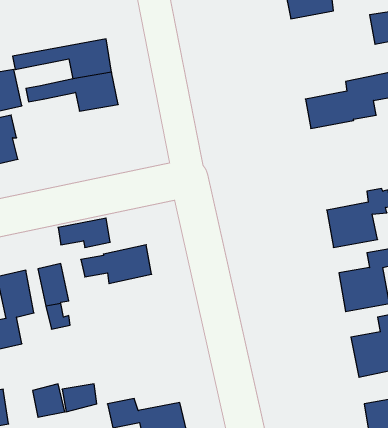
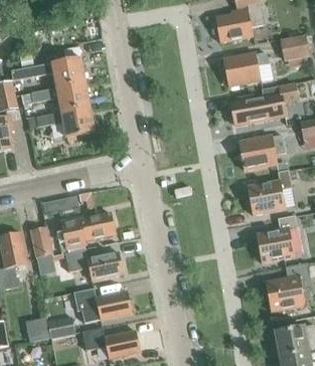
building: none -> [222,51,268,86]
building: none -> [27,106,95,136]
building: none -> [238,133,284,169]
building: none -> [64,247,124,280]
building: none -> [72,287,132,321]

